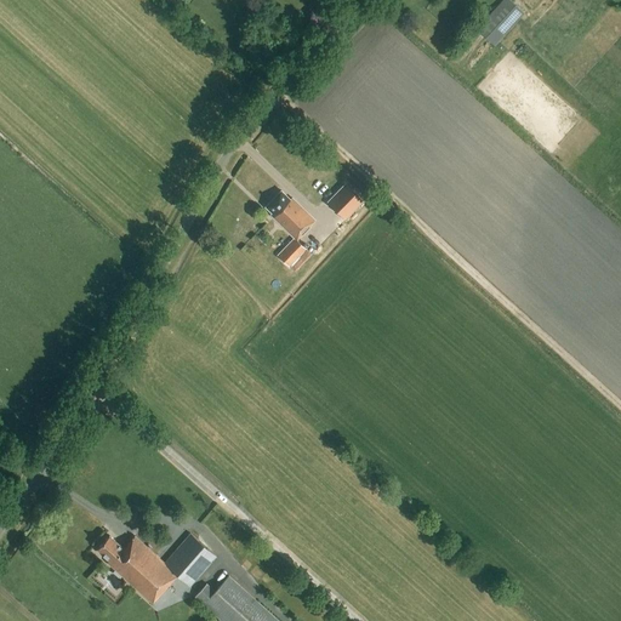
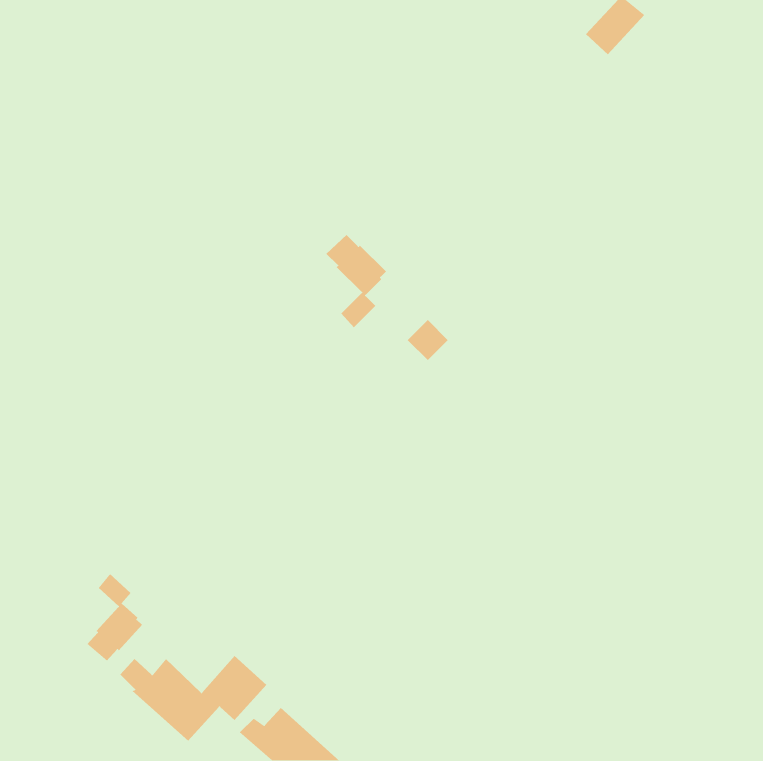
building: [326,189,360,223] -> [407,319,449,361]
building: none -> [86,573,143,661]

